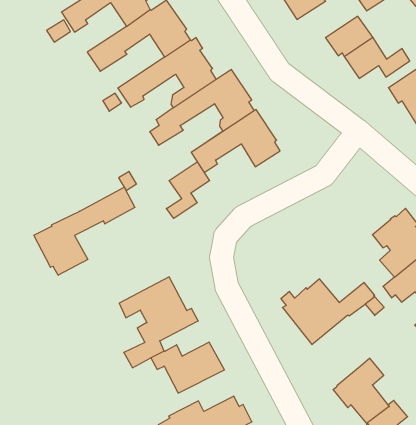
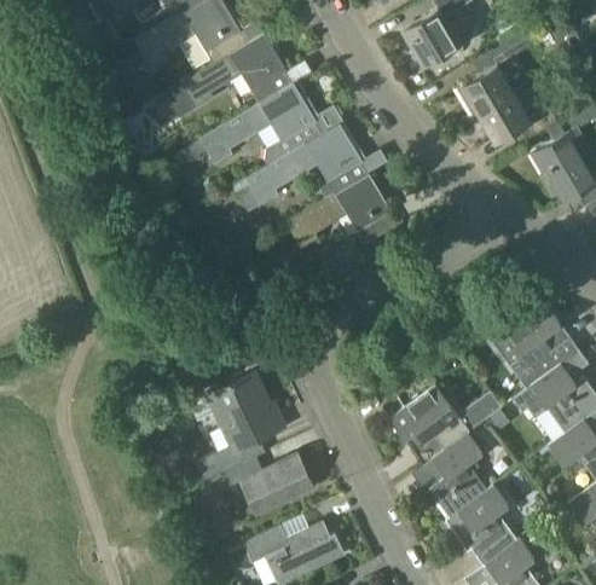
building: [166,162,210,218] -> none
building: [34,187,135,275] -> none
building: none -> [422,431,482,516]

